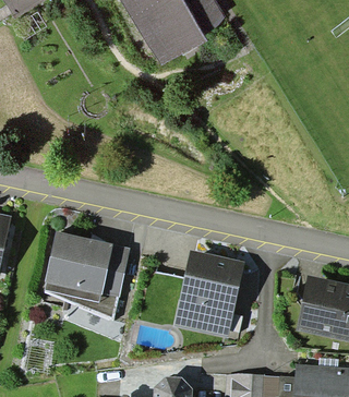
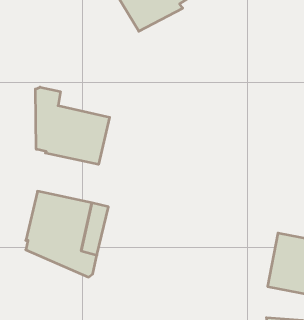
building: none -> [35,87,110,164]
building: [173,250,244,337] -> none

